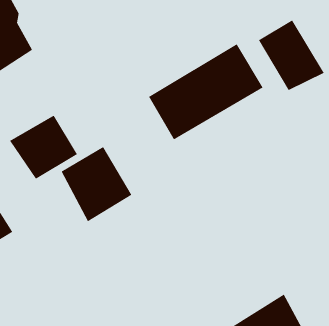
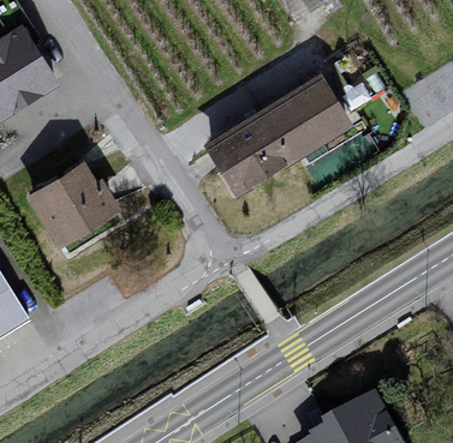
building: [258,19,325,91] -> none
building: [61,146,132,222] -> none

